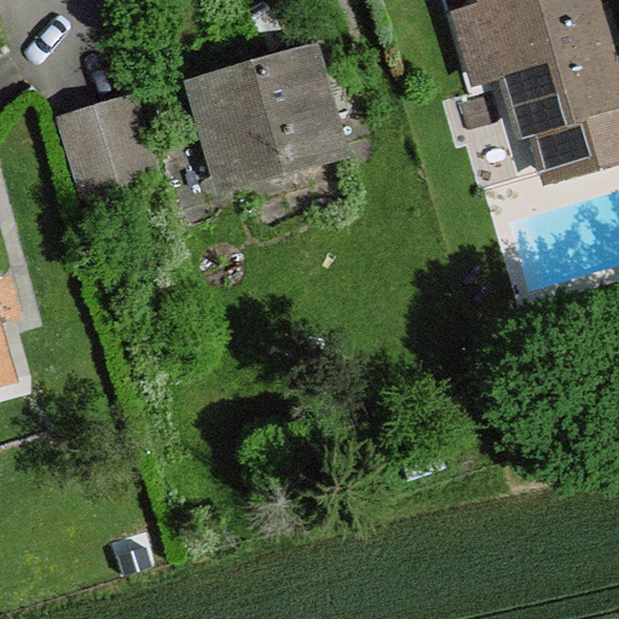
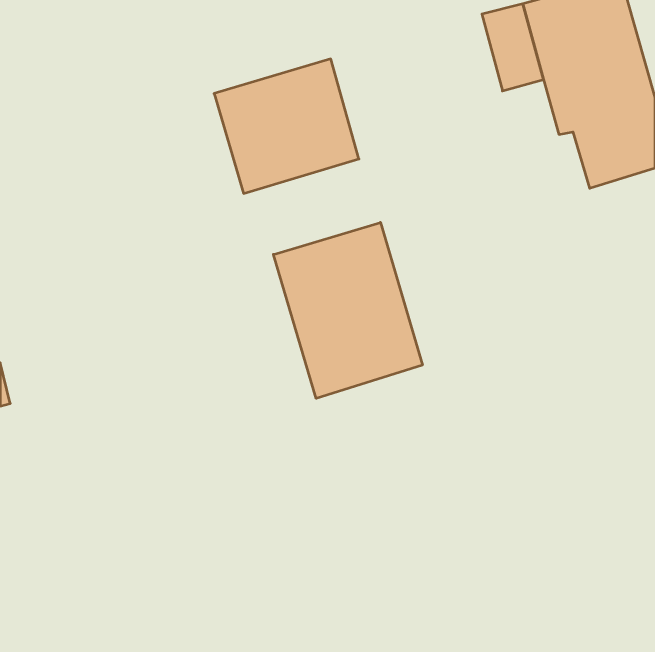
building: [63,97,156,191] -> none
building: none -> [273,222,422,398]

